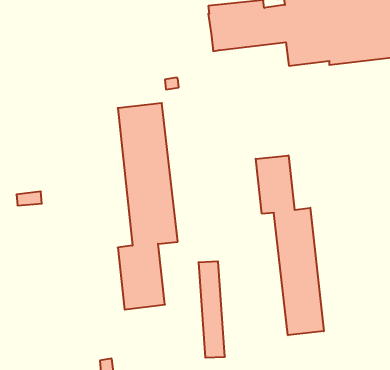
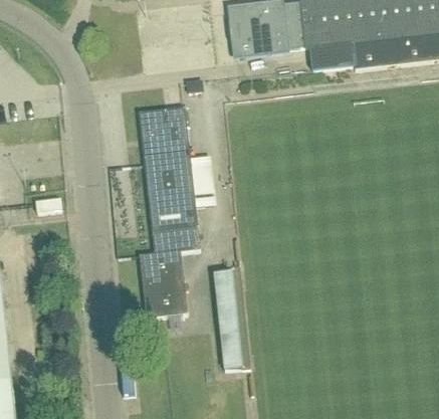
building: [256,155,324,335] -> none

